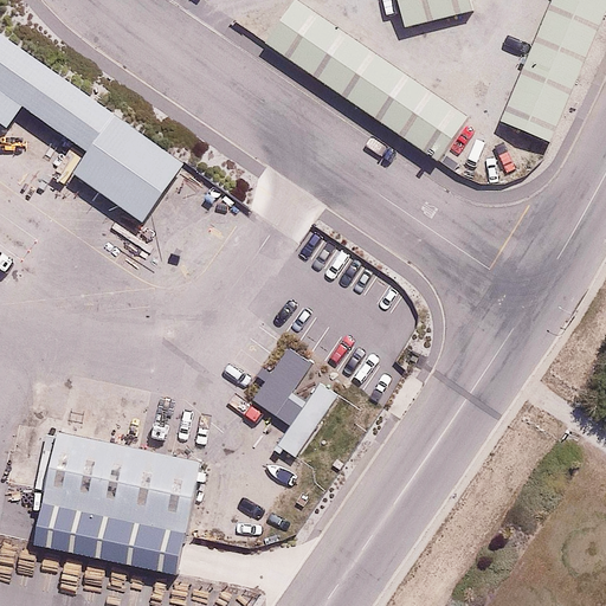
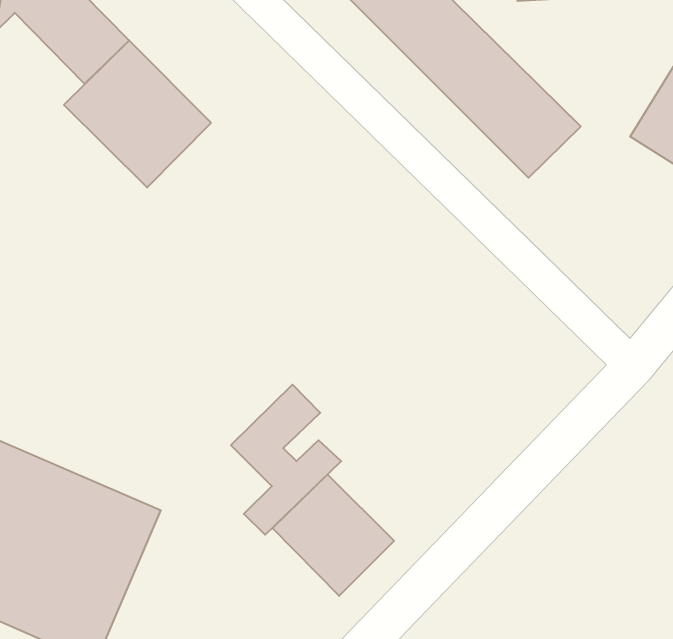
building: none -> [273,474,394,596]

